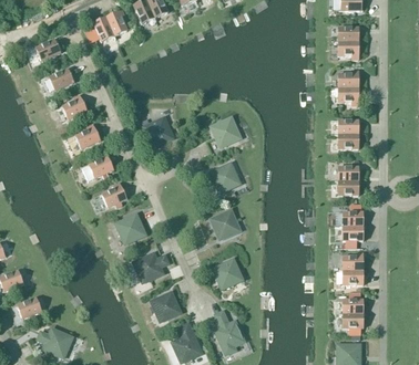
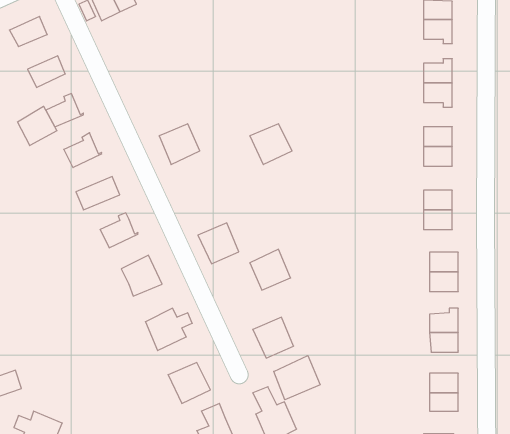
building: none -> [18,106,57,146]
building: [211,163,241,192] -> [198,223,239,264]
building: none -> [274,356,320,400]

